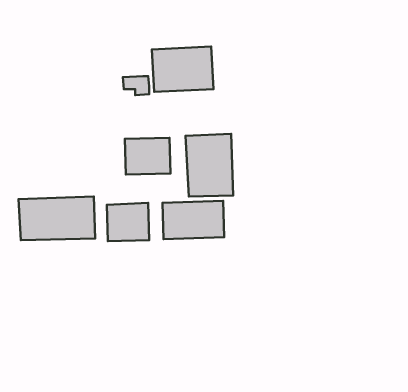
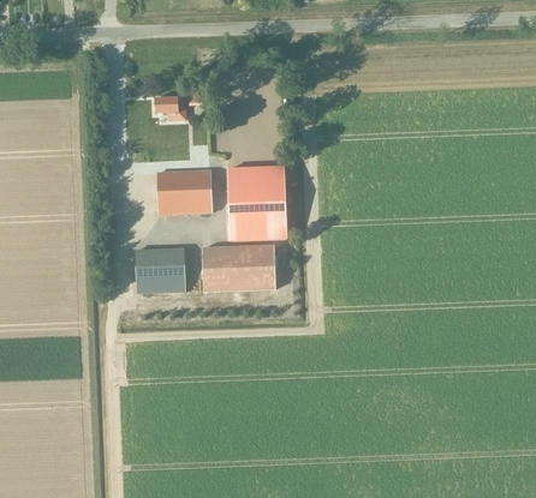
building: [152,47,214,92] -> none
building: [19,196,95,240] -> none

